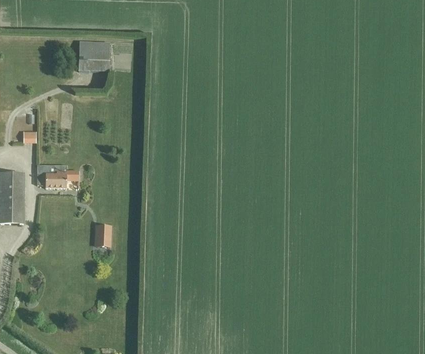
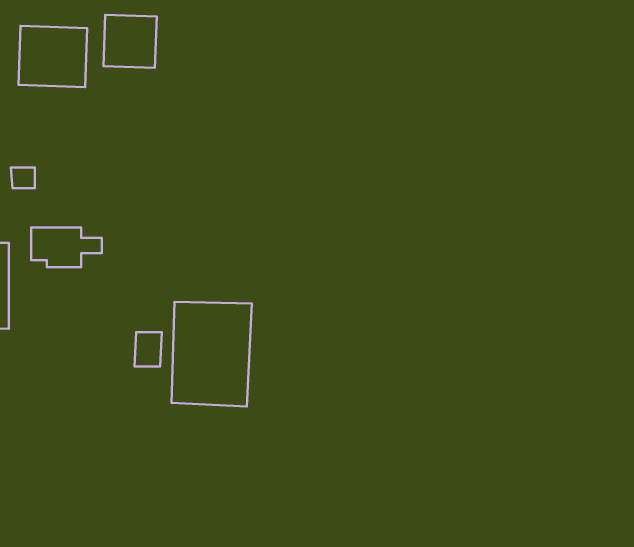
building: none -> [19,26,87,87]
building: none -> [172,302,252,407]

